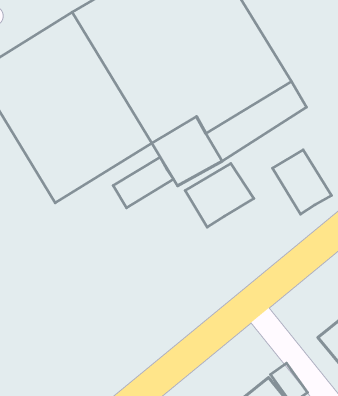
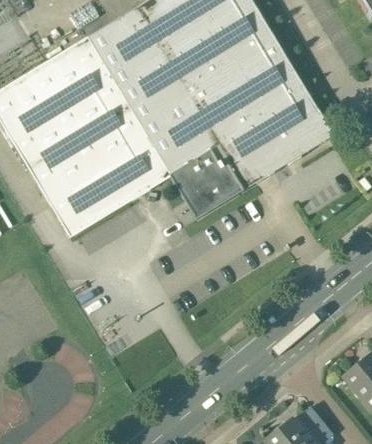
building: [272,150,331,214] -> none
building: [113,157,174,208] -> none
building: [185,164,254,227] -> none

